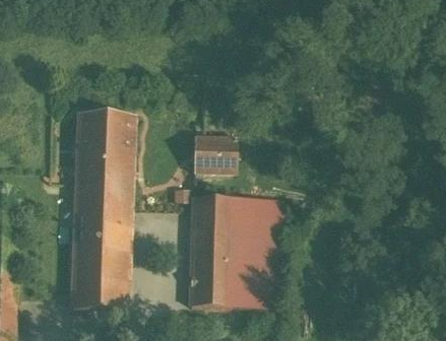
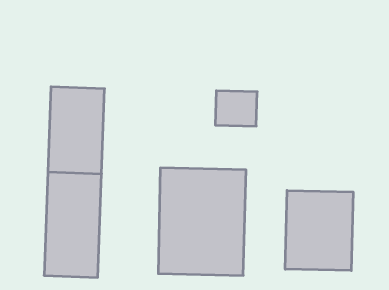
building: [193,136,237,173] -> [215,91,257,126]
building: none -> [285,190,353,271]

